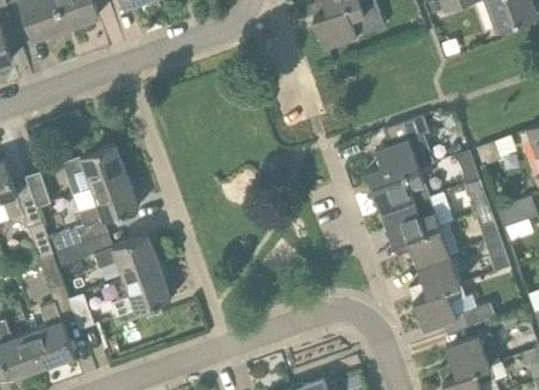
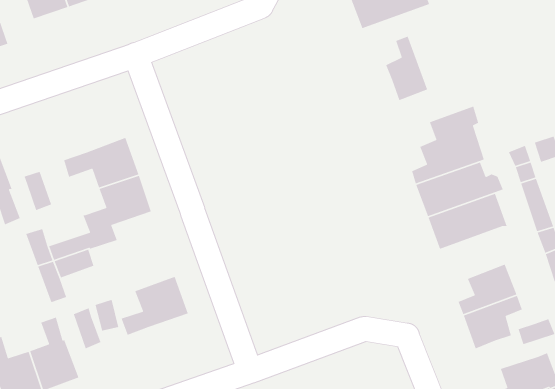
building: none -> [385,36,428,101]
building: [393,223,459,268] -> none
building: [93,235,159,279] -> none

